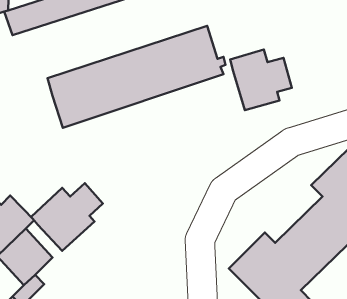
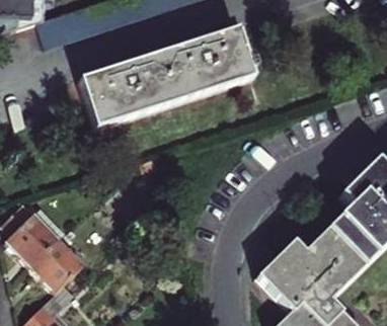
building: [230,49,292,110] -> none
building: [31,183,103,251] -> none

